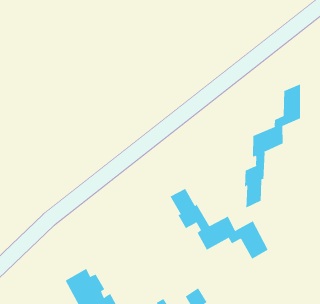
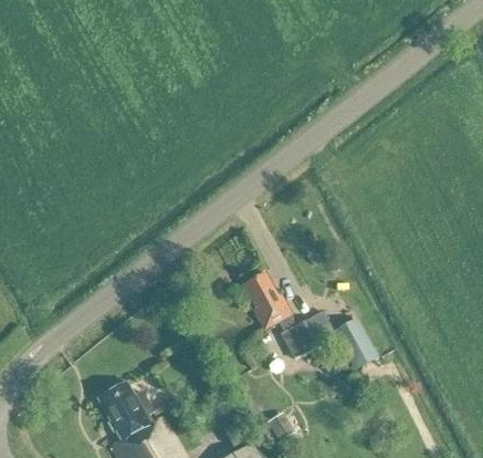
building: [245,84,301,209] -> none

